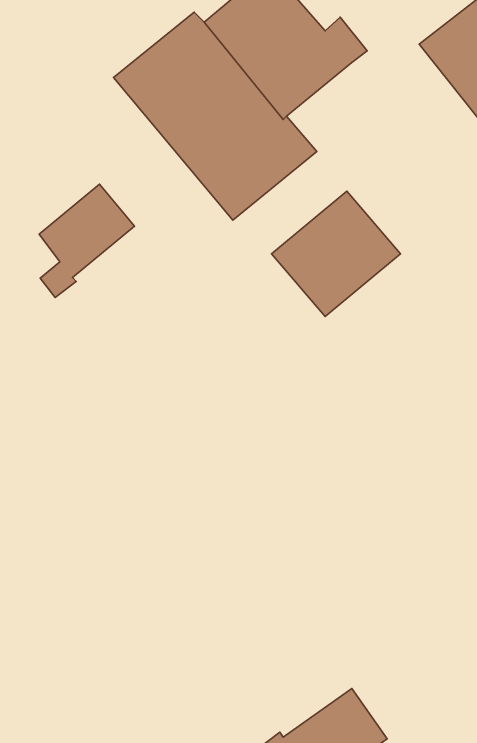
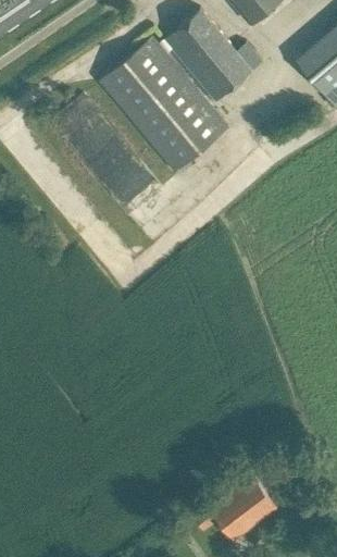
building: [39,184,135,298] -> none
building: [272,191,400,317] -> none

